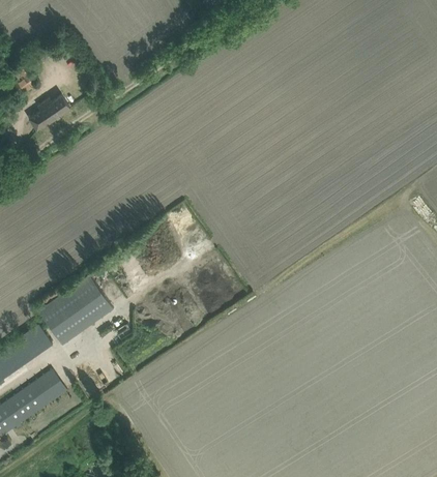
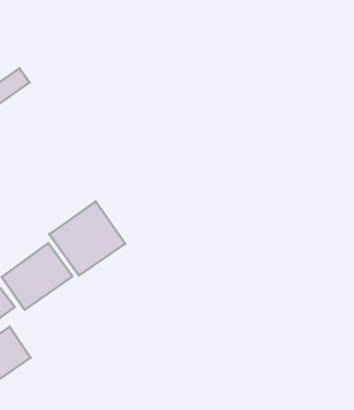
building: none -> [49,201,125,275]

